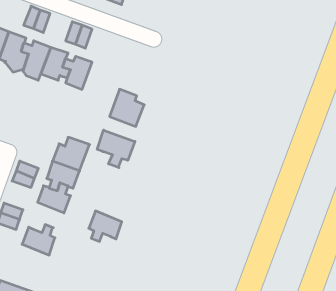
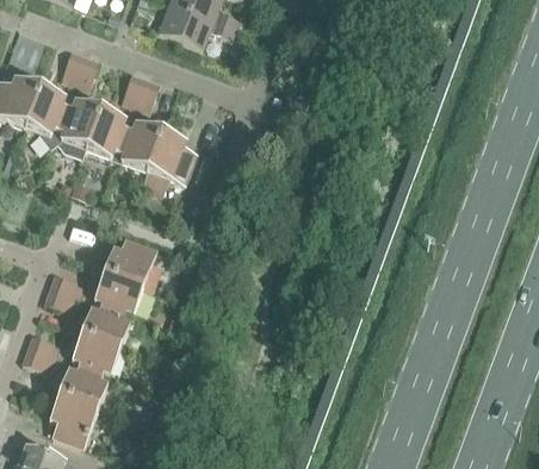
building: [110,89,144,126] -> [145,130,196,183]
building: [97,130,135,168] -> none
building: [89,211,122,241] -> [72,332,119,376]
building: none -> [49,393,98,445]

